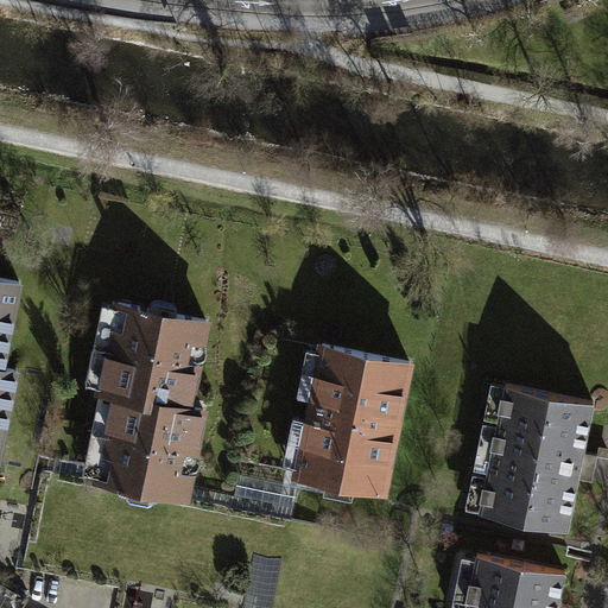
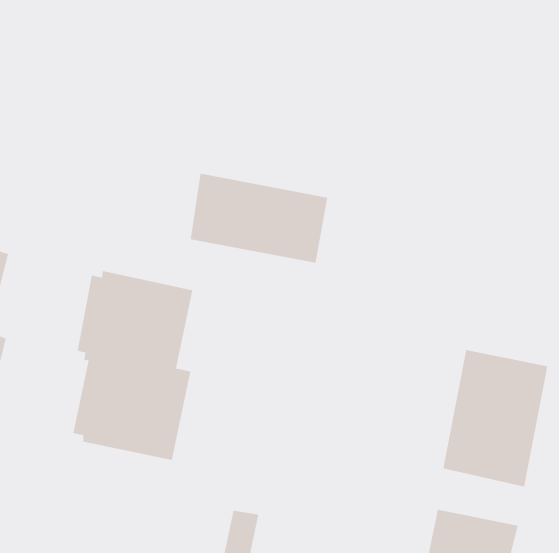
building: none -> [190,173,328,264]
building: [289,344,412,499] -> none

